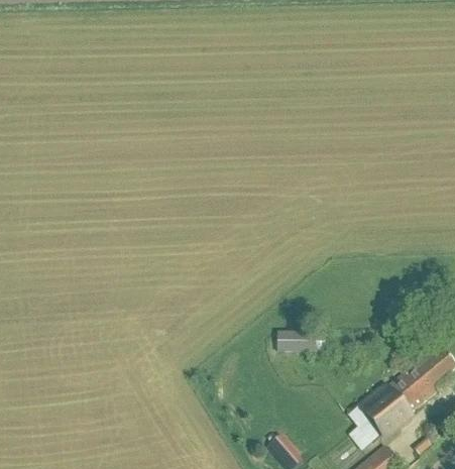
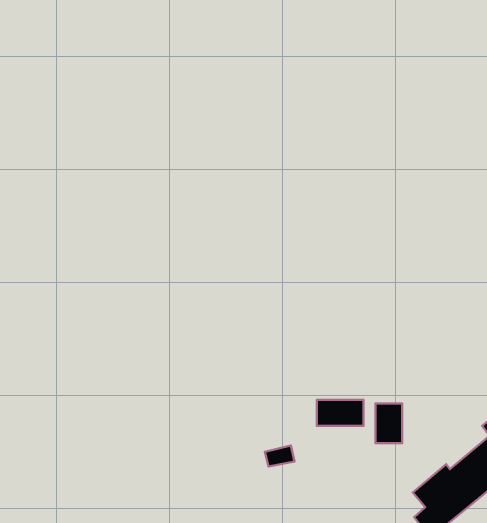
building: none -> [376,404,402,443]

